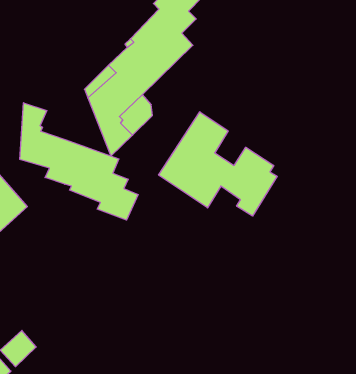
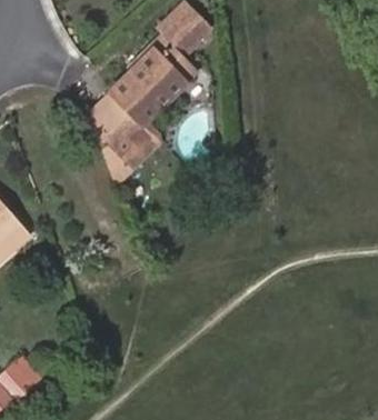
building: [20,103,138,220] -> none
building: [159,112,277,216] -> none

